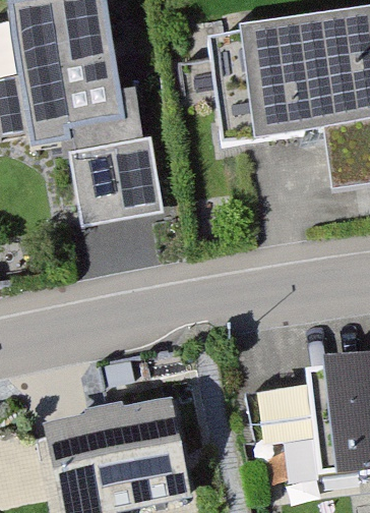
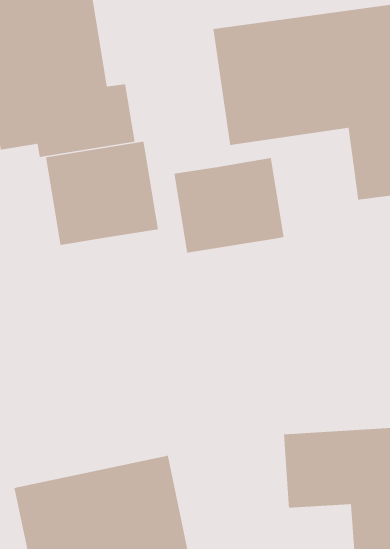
building: none -> [174,157,284,254]

